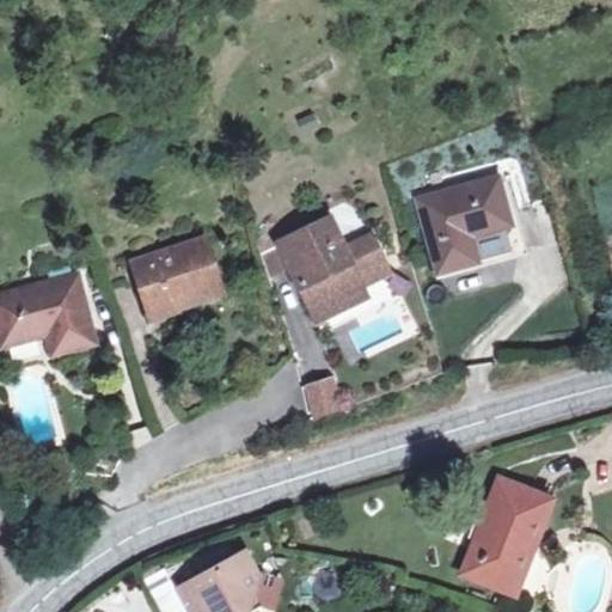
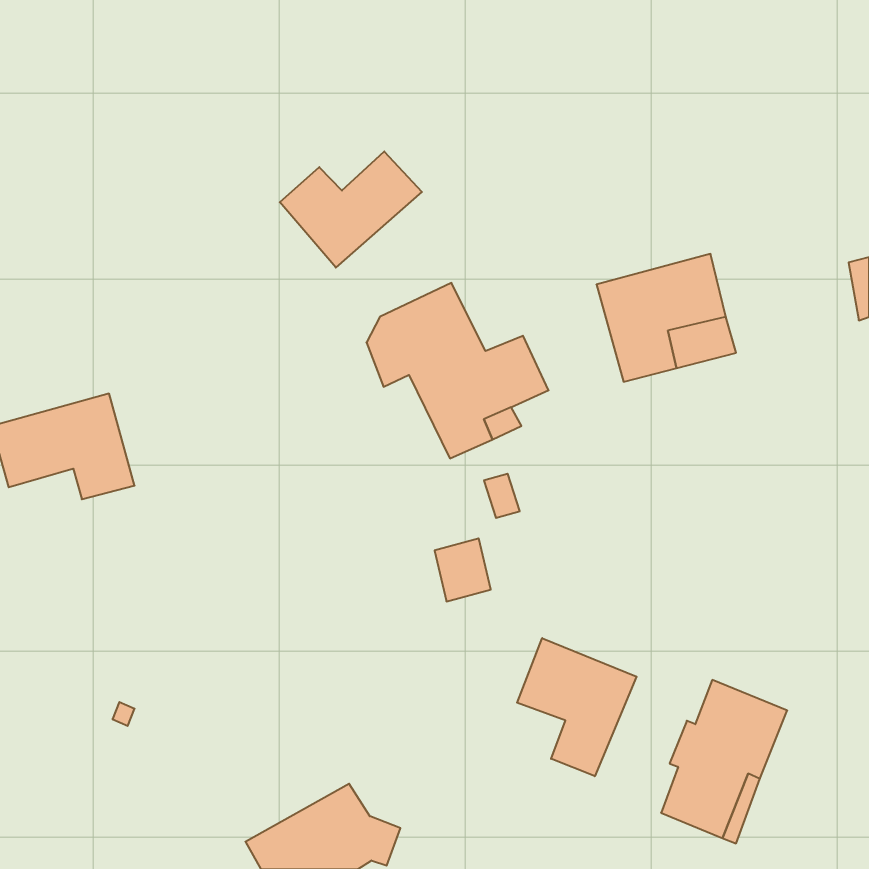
building: none -> [280,151,422,268]
building: [137,240,218,312] -> none
building: none -> [517,638,637,776]

